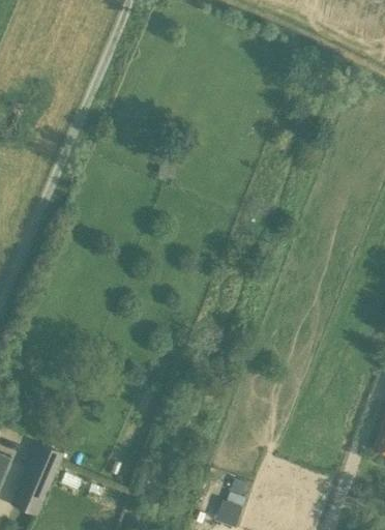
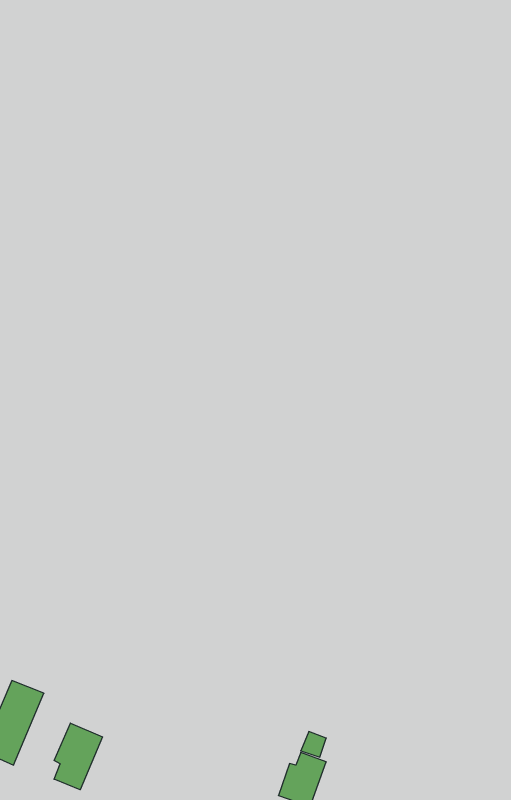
building: none -> [54,723,103,790]

